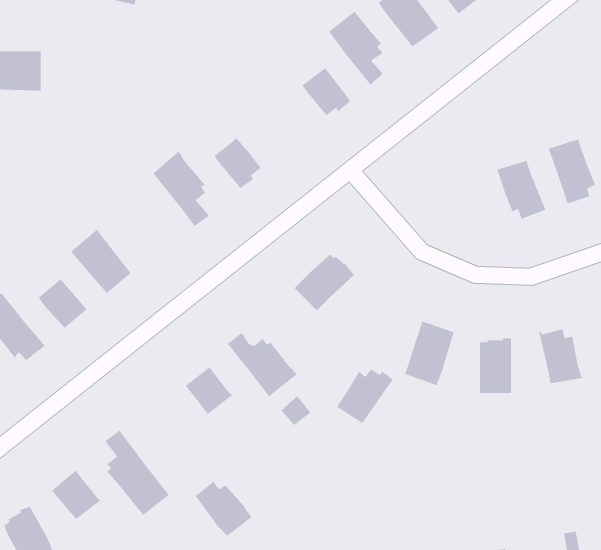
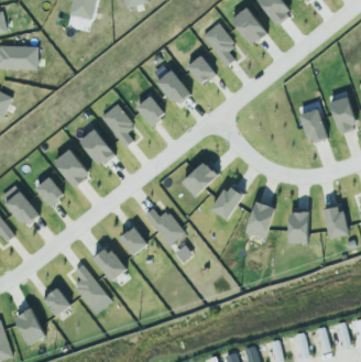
building: none -> [156,70,190,103]
building: none -> [79,129,116,164]
building: [336,368,393,424] -> [211,187,244,219]
building: [195,481,252,536] -> [94,249,127,281]

